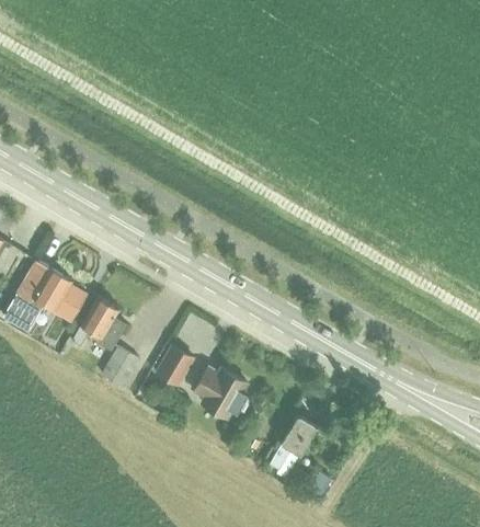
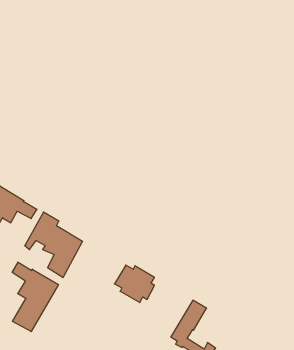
building: [156,347,193,387] -> none
building: none -> [12,262,58,332]

